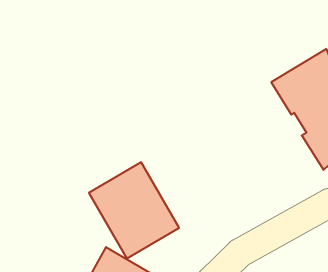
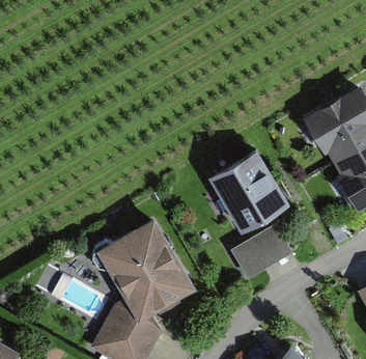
building: none -> [207,151,289,237]
building: none -> [227,227,291,284]

